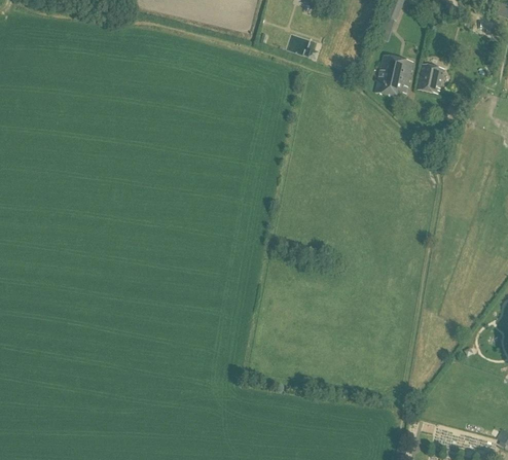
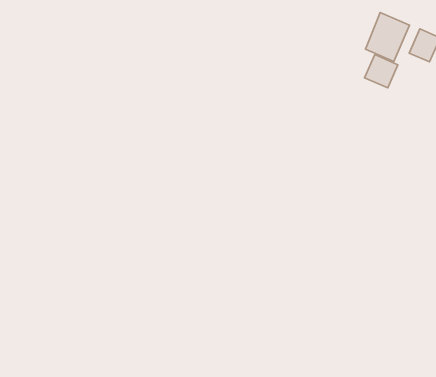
building: none -> [365,55,398,88]

